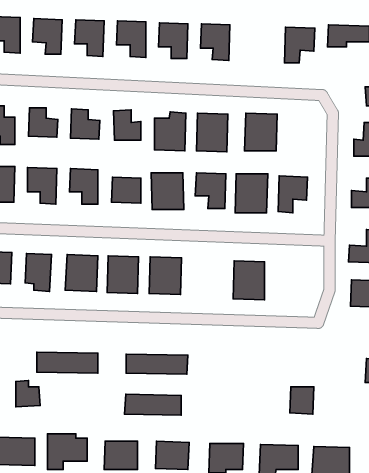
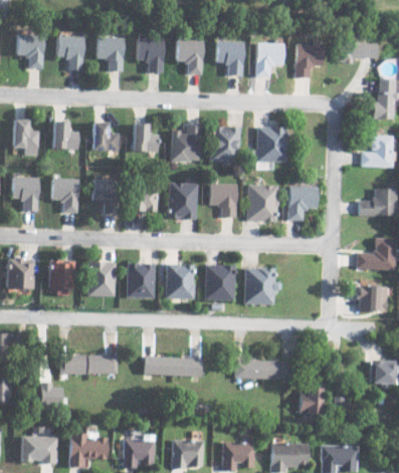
building: none -> [255,42,283,76]
building: none -> [207,264,237,300]
building: [125,394,181,415] -> [236,360,290,380]

